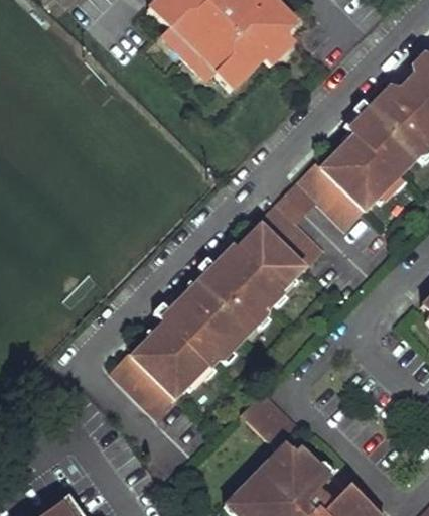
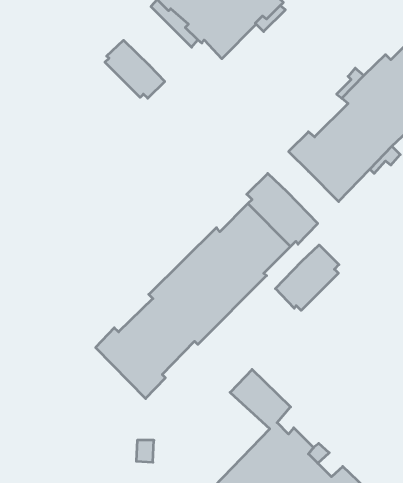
building: none -> [105,40,165,98]
building: [277,181,316,221] -> none
building: none -> [275,245,339,310]

